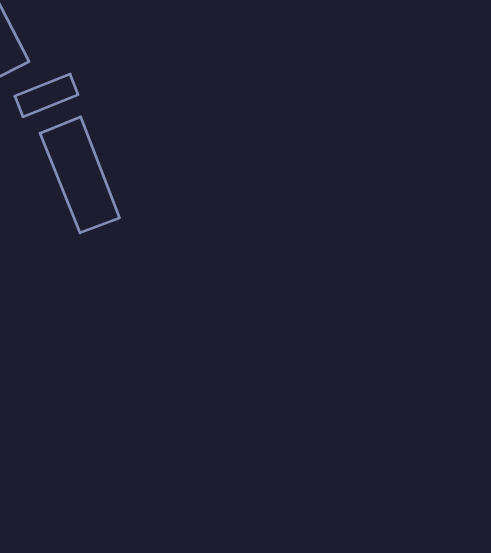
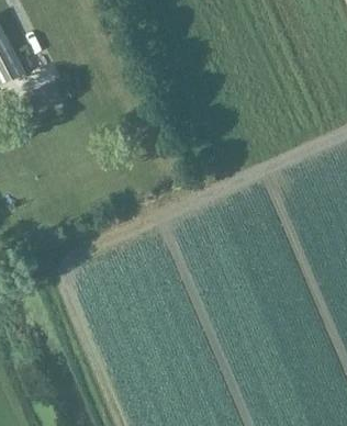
building: [40,117,119,233] -> none

